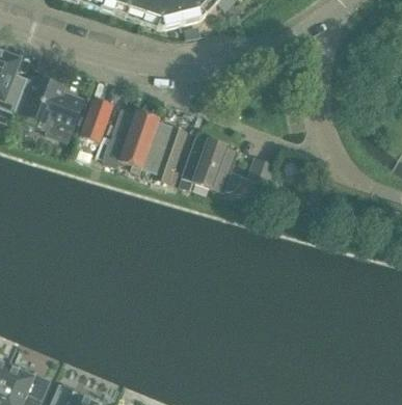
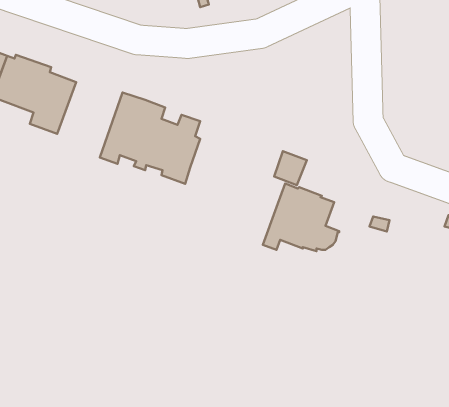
building: [81,97,113,139] -> none
building: [179,133,242,189] -> [263,183,339,251]

